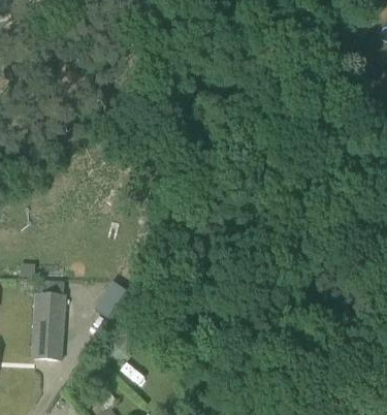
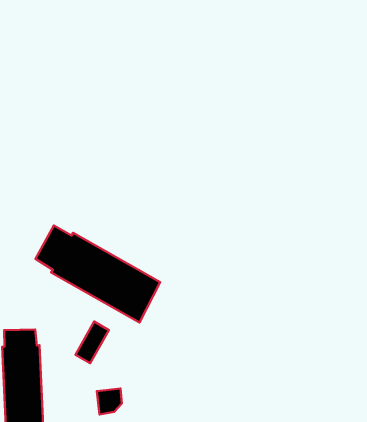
building: none -> [36,226,160,322]

